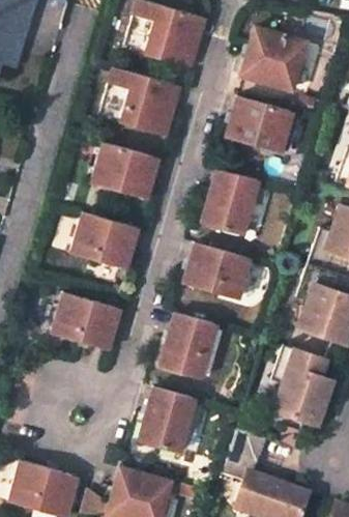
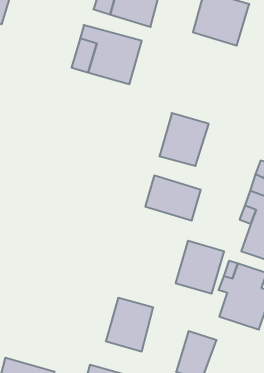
building: [227,97,293,151] -> none
building: [91,142,159,200] -> none
building: [71,211,139,269] -> none
building: [52,291,121,350] -> none
building: [161,315,217,377] -> [176,241,224,294]

